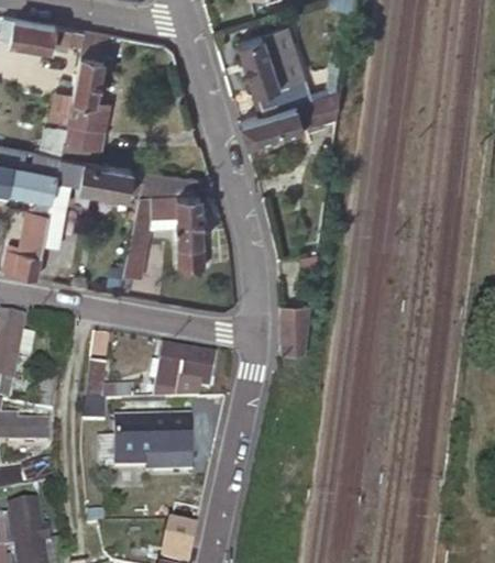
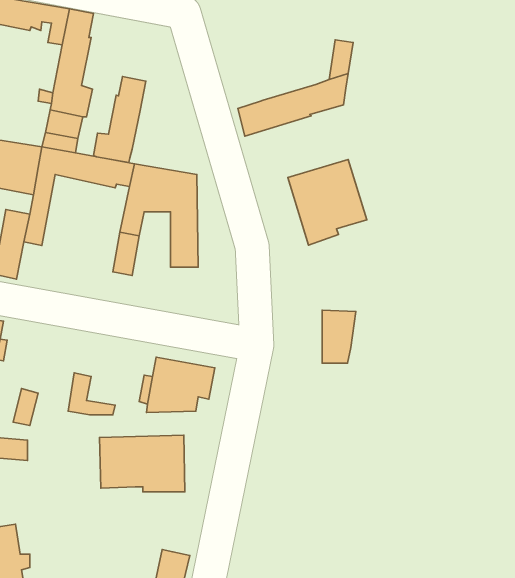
building: [238,27,310,114] -> none
building: none -> [93,76,146,163]
building: none -> [288,160,367,245]
building: [278,302,309,351] -> [322,310,356,363]

